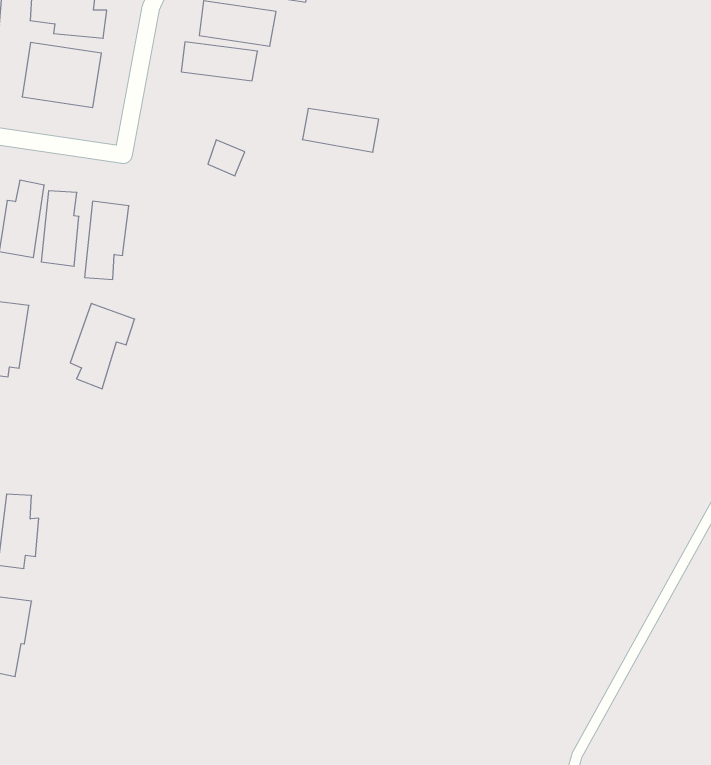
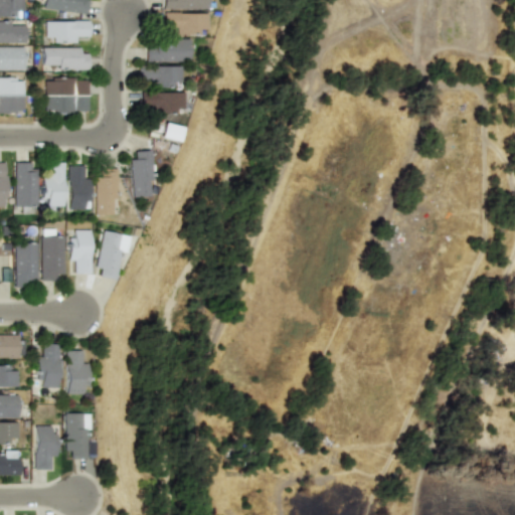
building: [302,109,379,152] -> [143,92,187,113]
building: none -> [133,151,155,197]
building: none -> [70,230,93,275]

